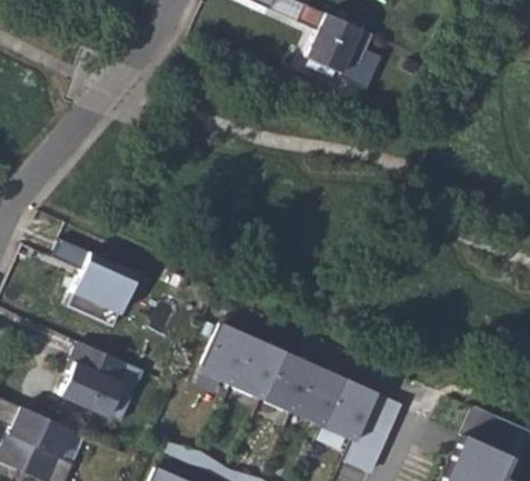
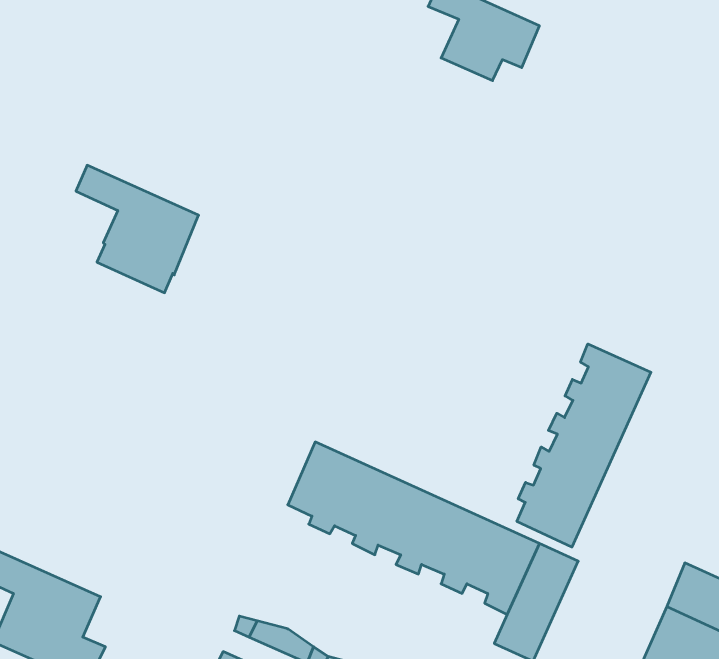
building: [53,239,138,327] -> [76,165,199,293]
building: none -> [517,344,651,547]
building: [60,341,146,422] -> none

